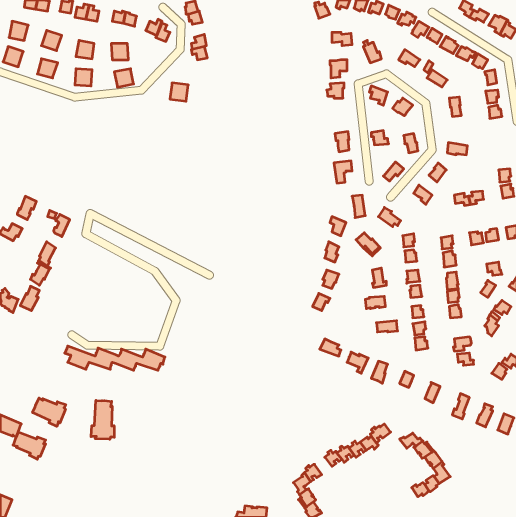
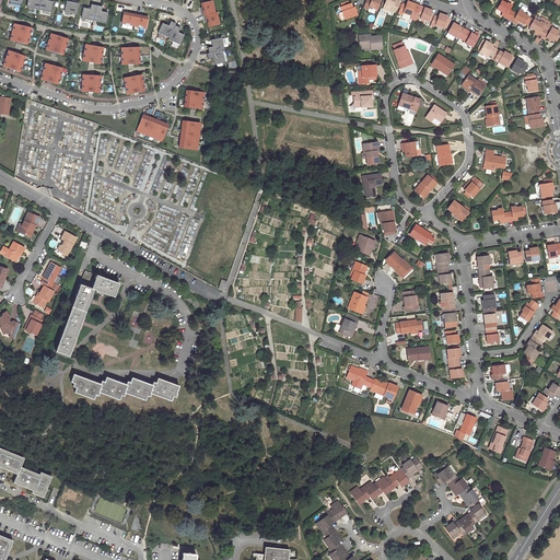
building: none -> [138,114,170,140]
building: none -> [180,120,201,150]
building: none -> [56,271,119,355]
building: [33,398,66,426] -> none
building: [91,400,114,439] -> none

